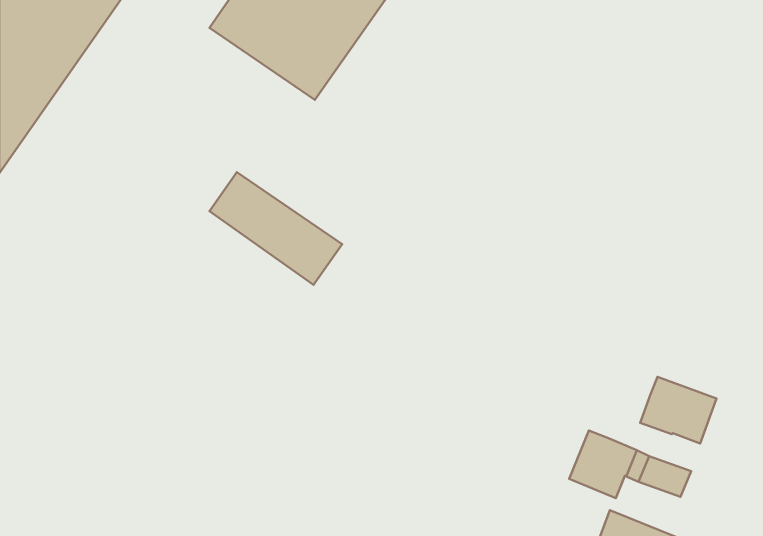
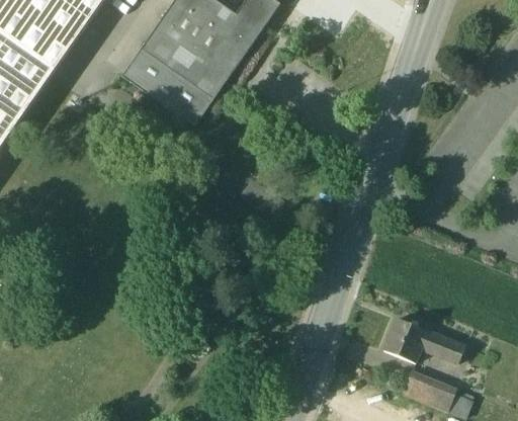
building: [210,172,342,285] -> [123,48,212,123]
building: [640,377,716,443] -> none

